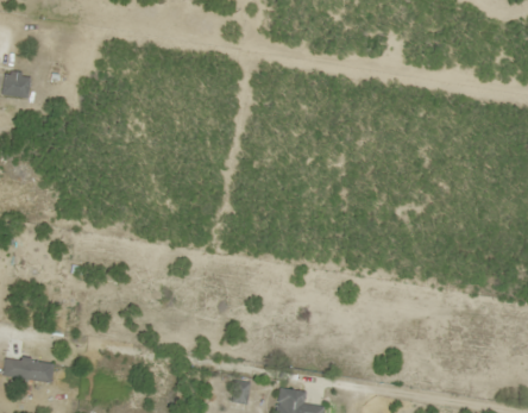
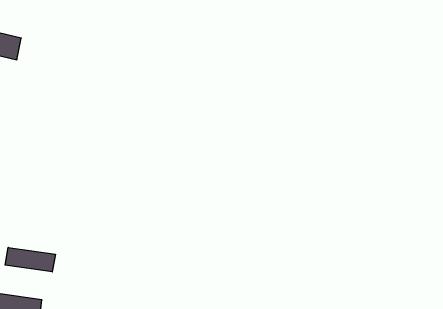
building: none -> [5,247,55,272]

